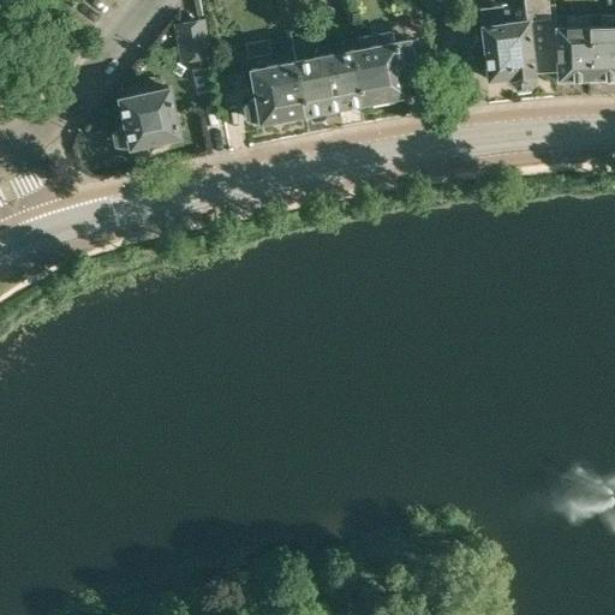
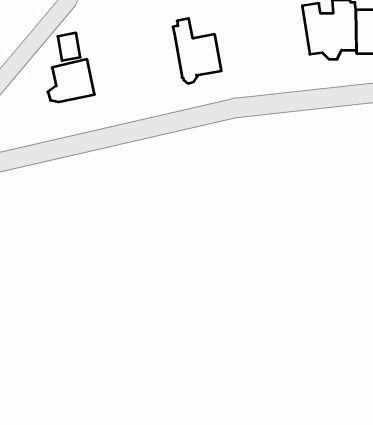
building: [175,23,208,62] -> [58,33,80,61]
building: [351,32,417,105] -> none
building: [244,52,305,124] -> none

